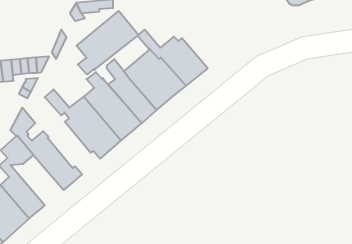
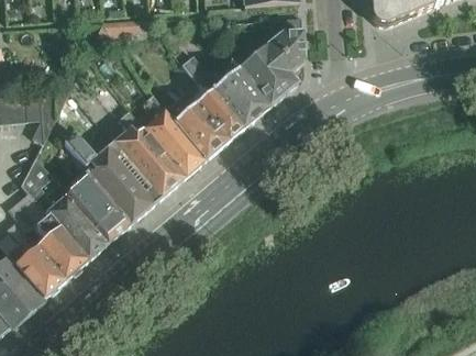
building: none -> [237,33,303,107]
building: [77,11,139,74] -> none
building: none -> [67,174,134,241]
building: none -> [20,216,88,280]

